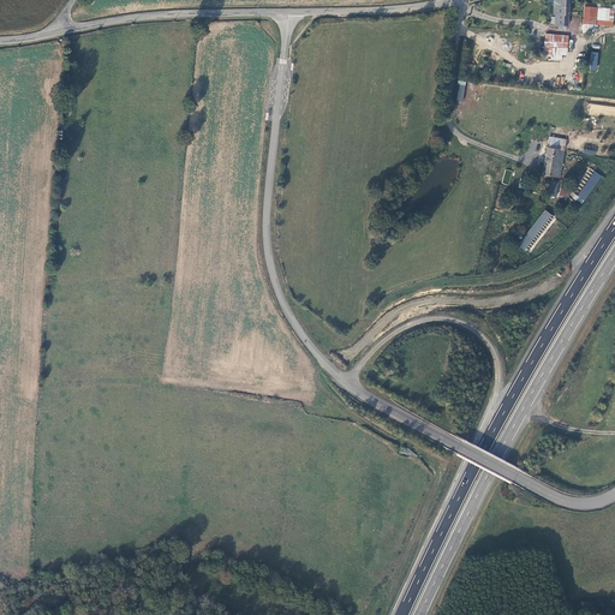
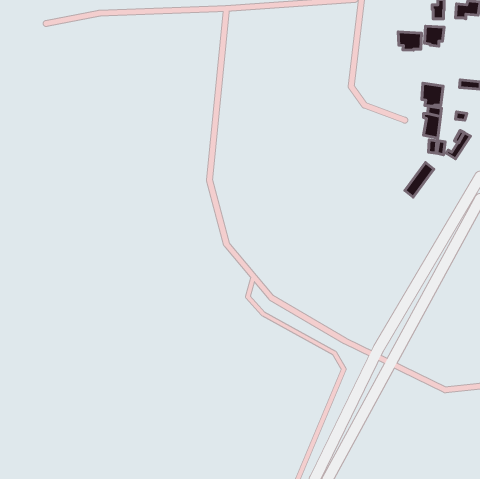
building: none -> [398,32,422,50]
building: none -> [422,83,443,106]

